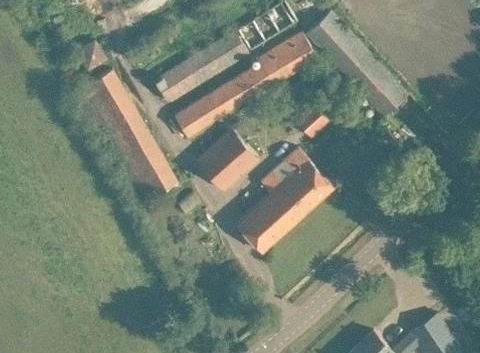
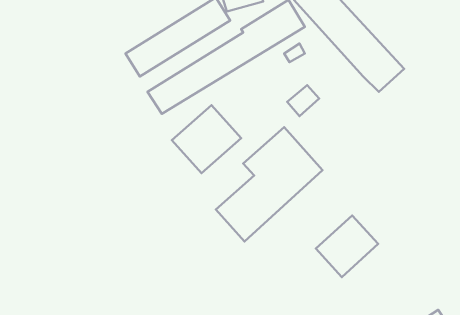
building: [75,40,106,71] -> none
building: [82,66,180,197] -> none
building: none -> [316,215,378,277]

